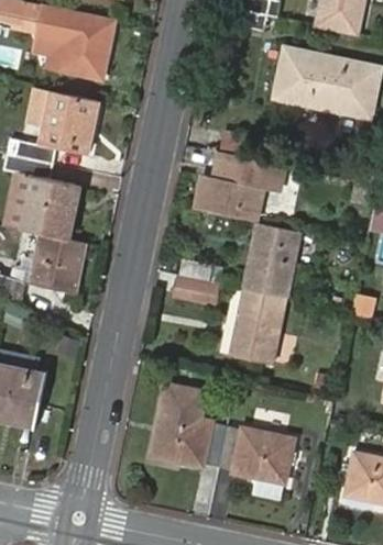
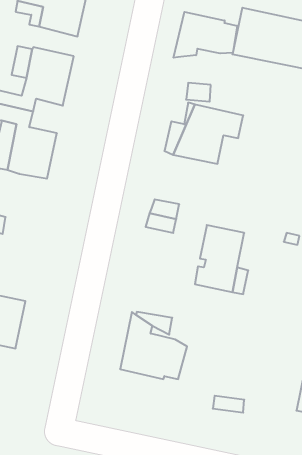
building: none -> [174,12,237,58]
building: [244,222,300,297] -> none
building: [25,231,81,292] -> none
building: [212,423,294,476] -> none

